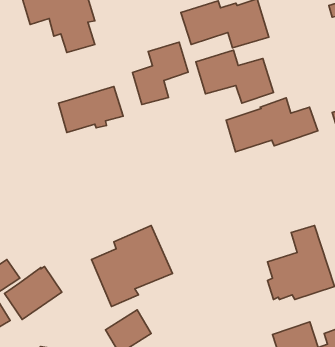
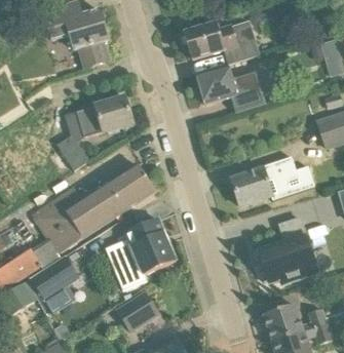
building: [132,42,188,105] -> none
building: [226,98,318,152] -> [231,158,311,205]
building: none -> [58,133,89,169]
building: none -> [31,163,154,252]

